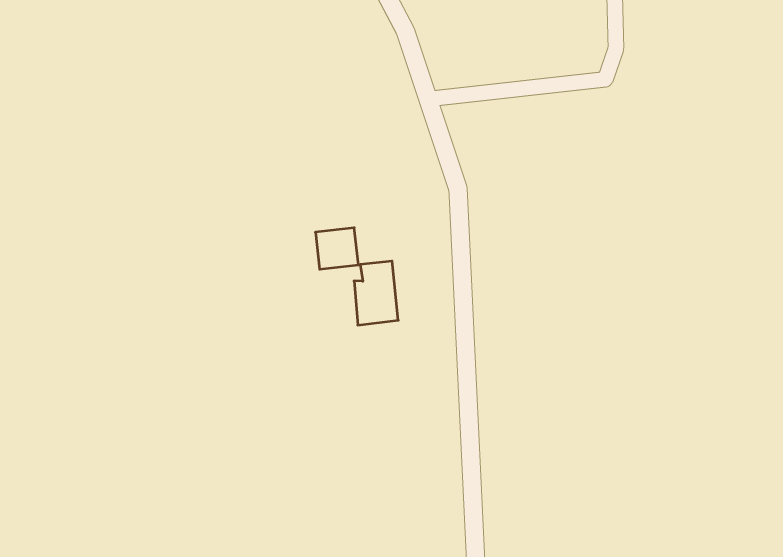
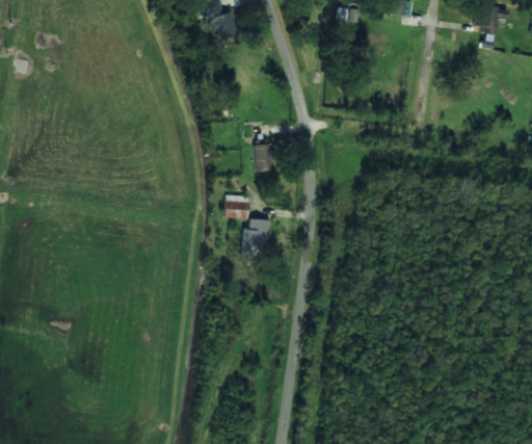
building: none -> [255,143,271,171]

